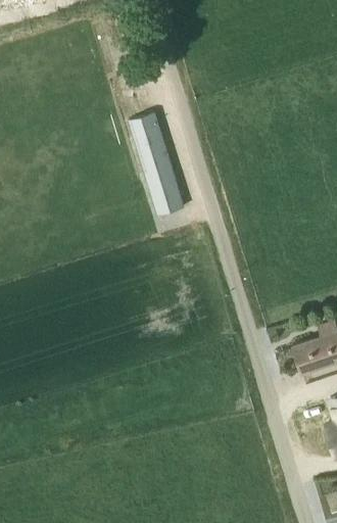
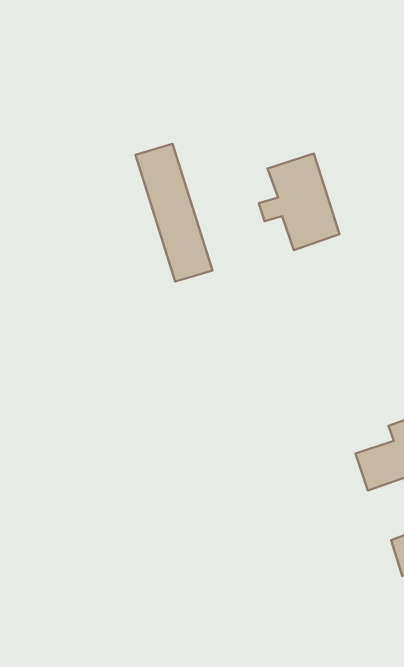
building: none -> [259,154,339,250]

